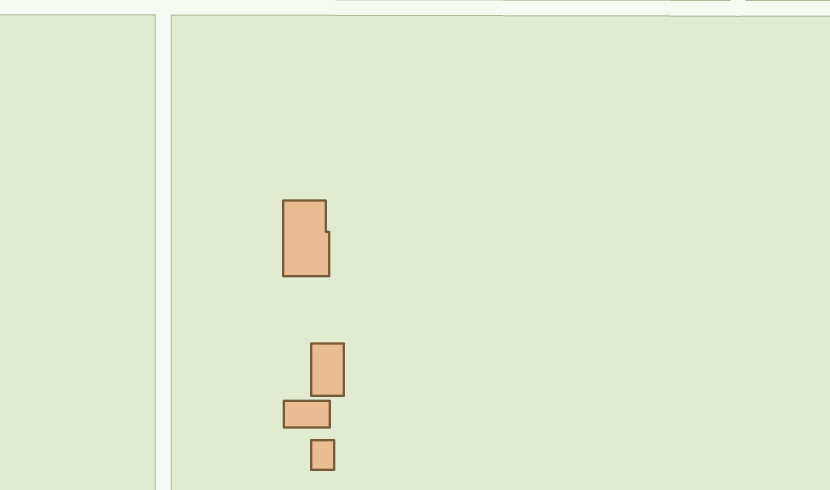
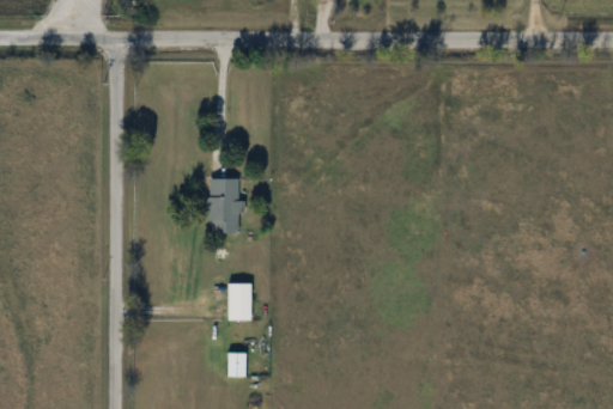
building: [284,401,330,428] -> none

